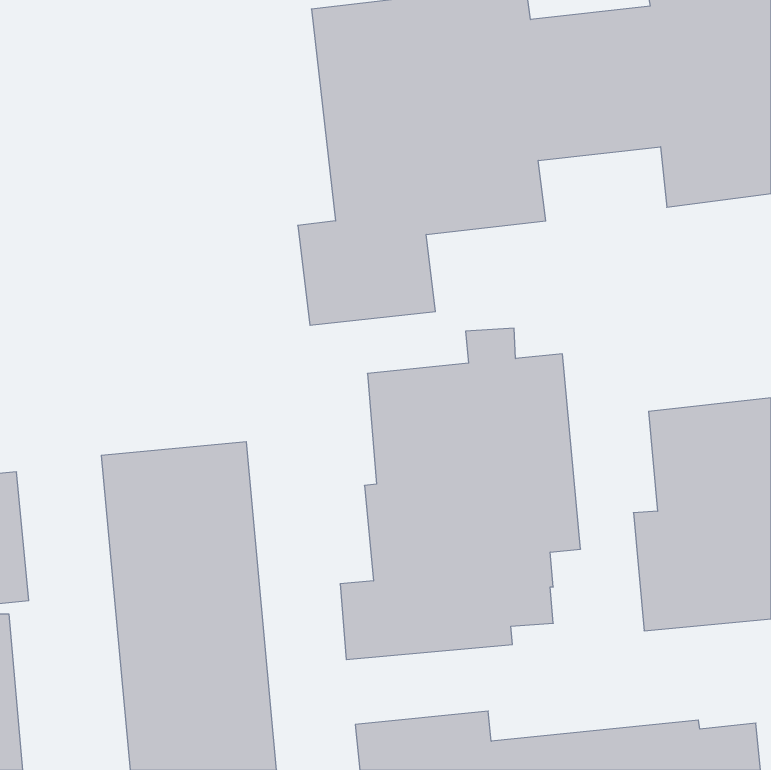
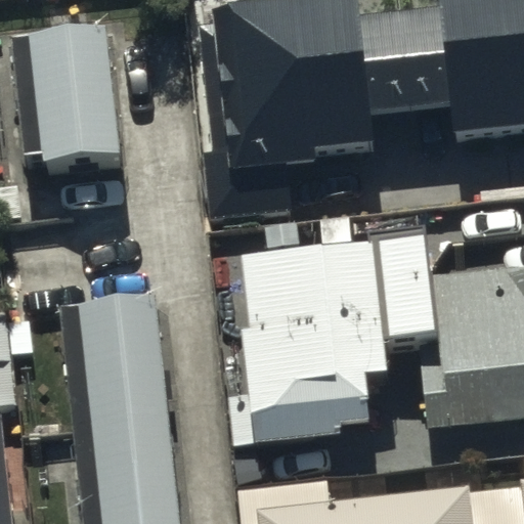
building: none -> [16,33,126,167]

